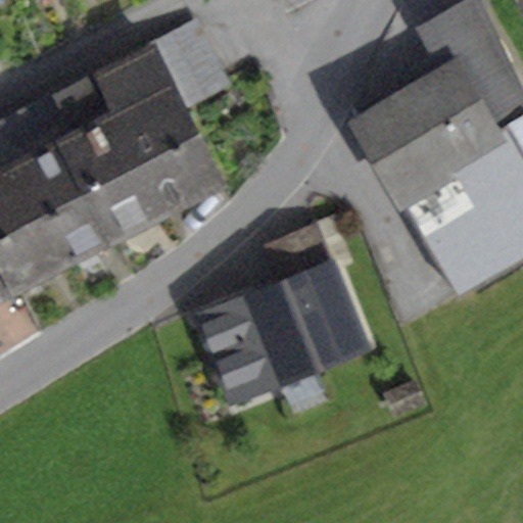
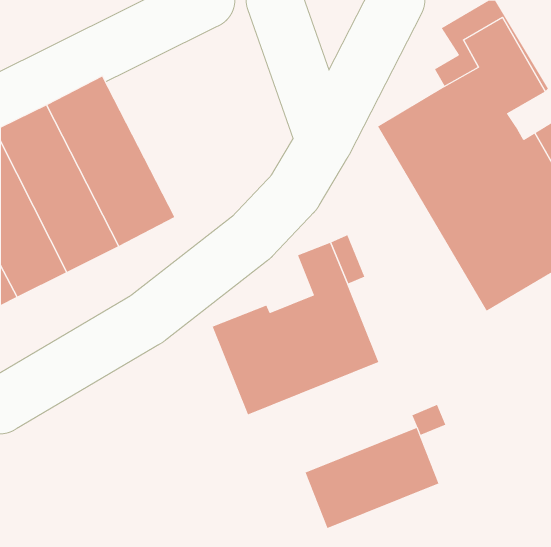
building: [98,33,225,210] -> none
building: none -> [305,427,439,529]

